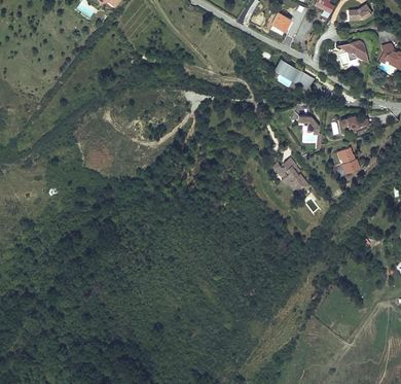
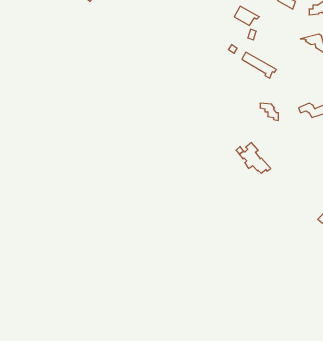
building: [336,147,358,174] -> none

